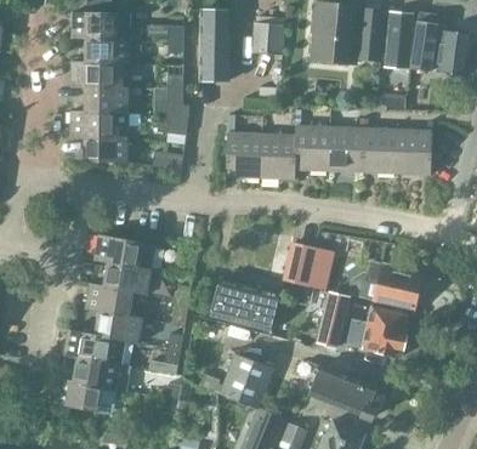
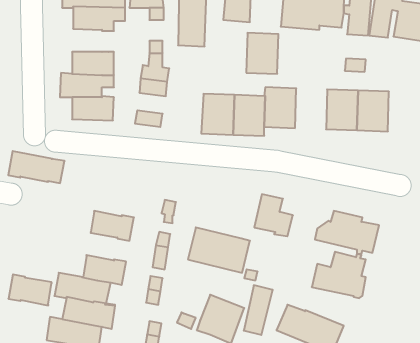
building: [70,62,123,87] -> none
building: [328,127,363,172] -> [246,33,278,74]
building: [93,234,155,269] -> [8,151,65,183]
building: [85,283,132,317] -> [8,274,52,305]
building: [317,292,348,347] -> [244,285,273,335]

